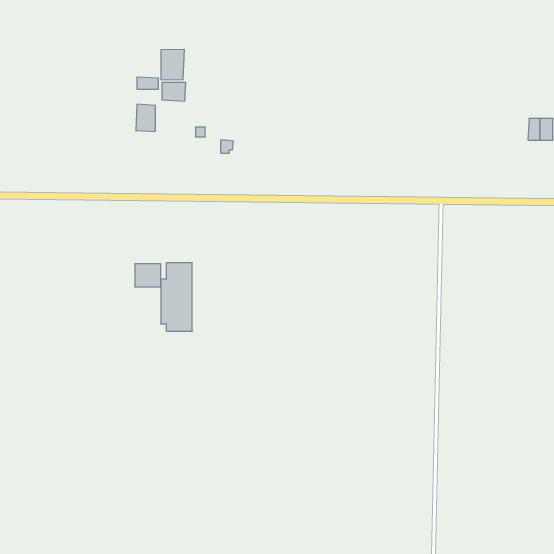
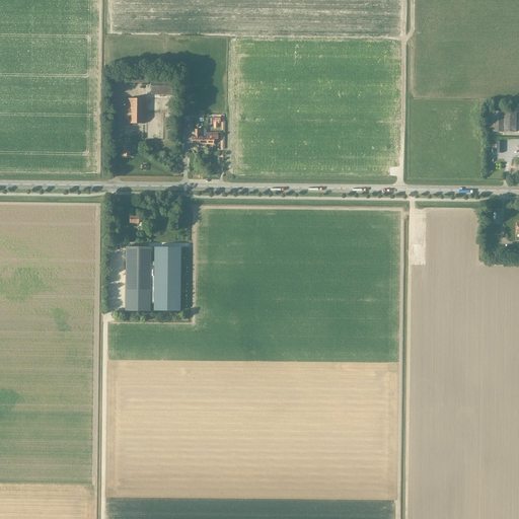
building: [161,49,184,80] -> none
building: none -> [127,268,151,309]

